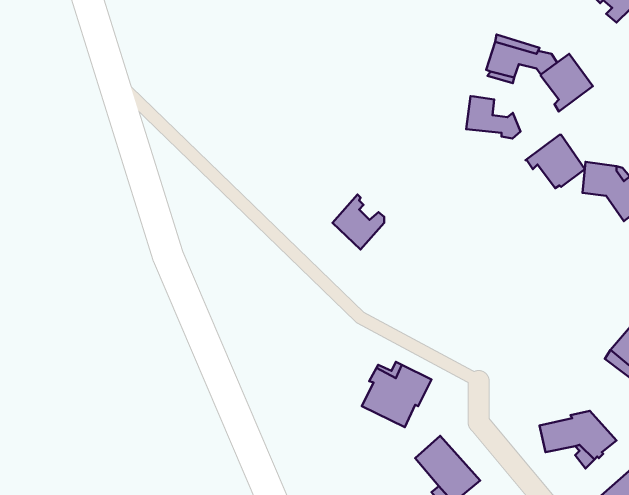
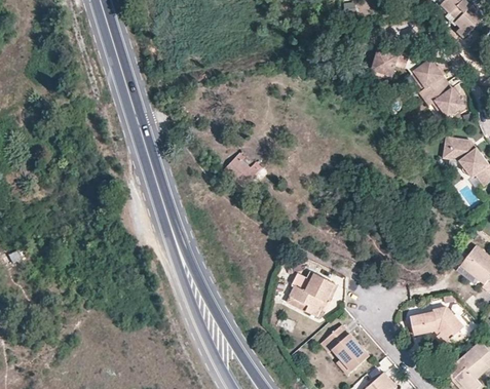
building: [466,96,520,138] -> none
building: [525,135,585,188] -> [423,81,464,118]
building: [332,195,384,249] -> [223,150,259,188]

